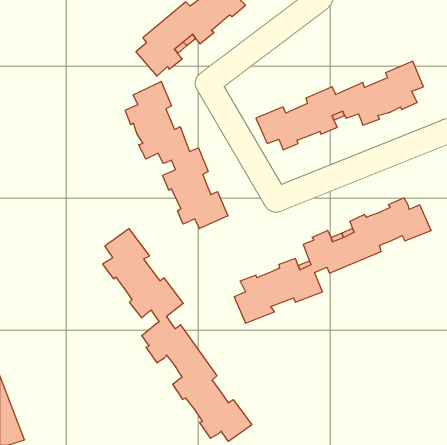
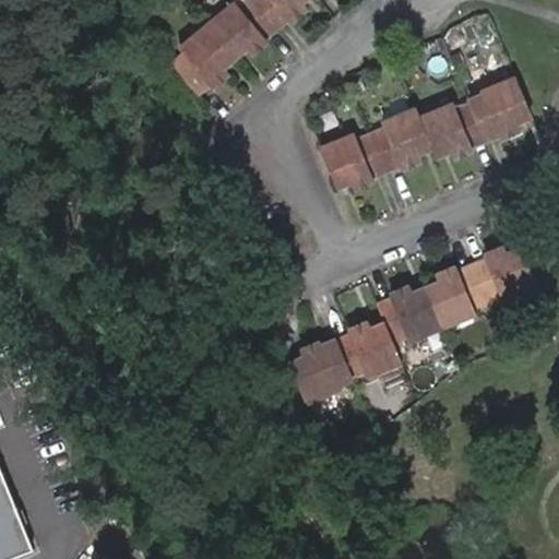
building: [125,81,228,229] -> none
building: [103,229,252,441] -> none

